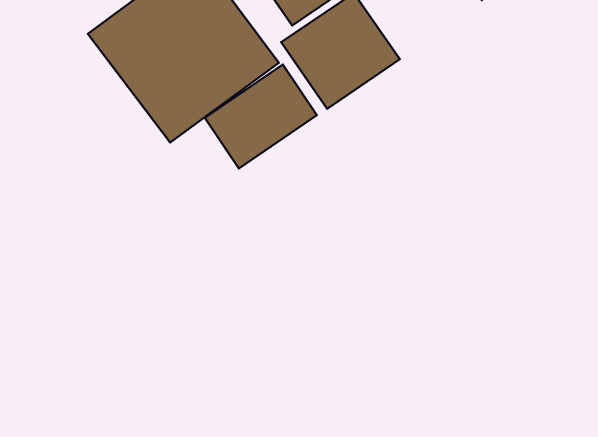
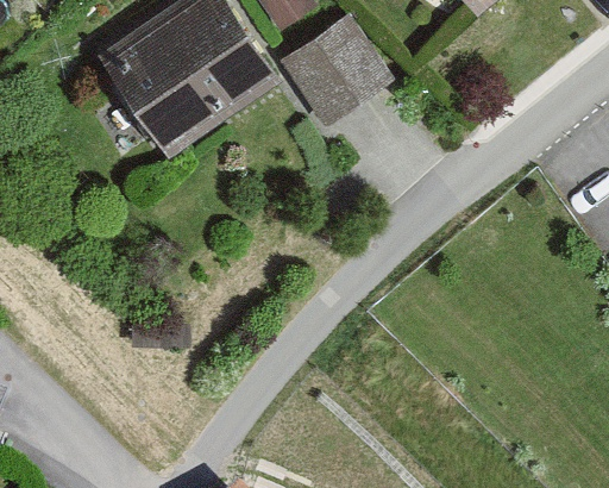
building: [205,65,317,169] -> none

